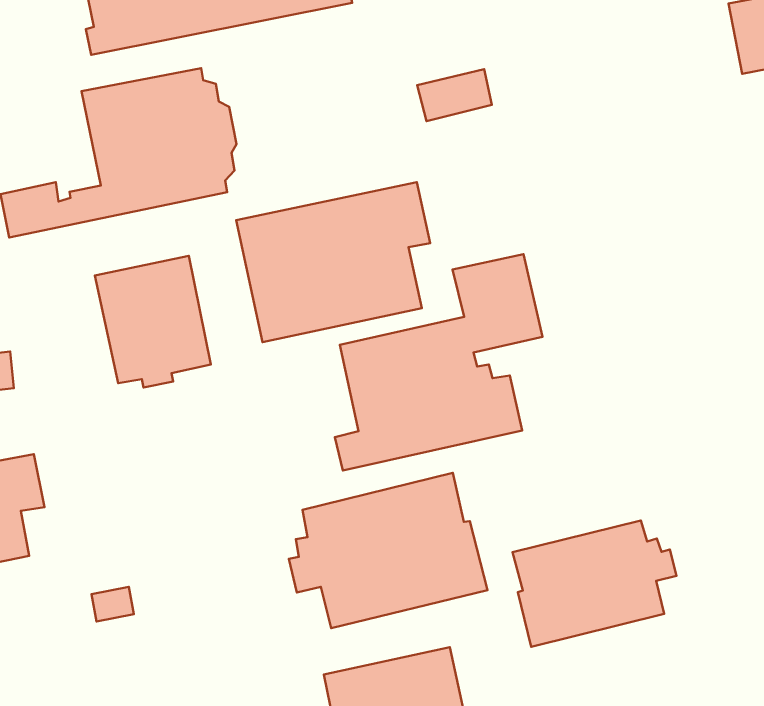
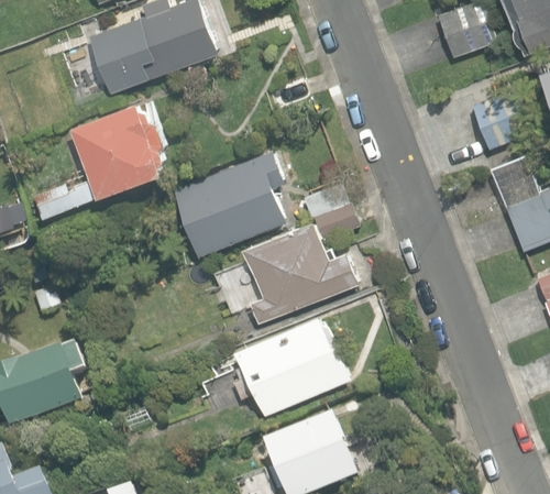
building: [95,256,211,388] -> none
building: [512,521,676,647] -> none

